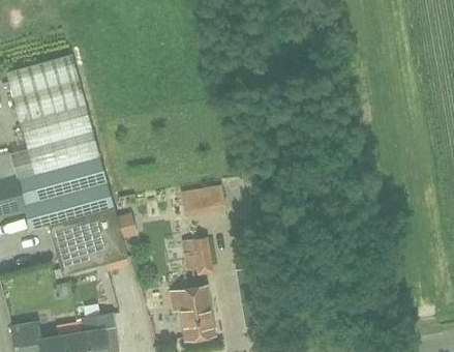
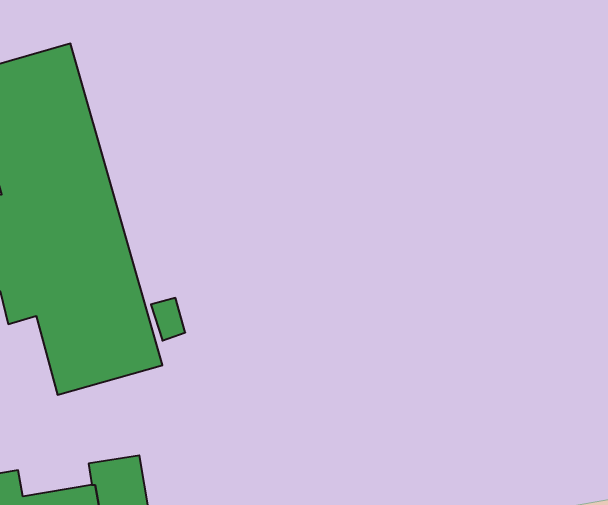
building: [184,186,230,218] -> none
building: [185,237,211,266] -> none
building: [171,286,215,340] -> none

